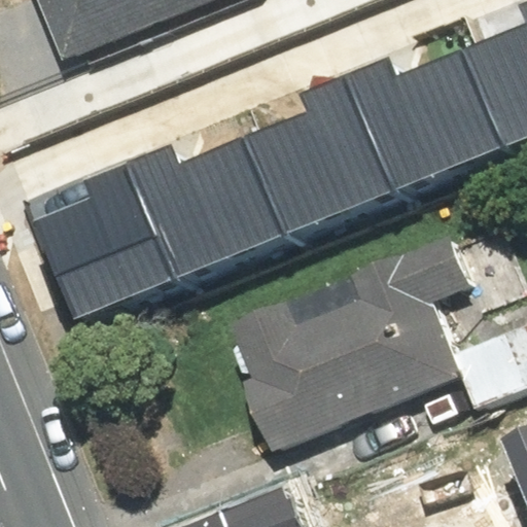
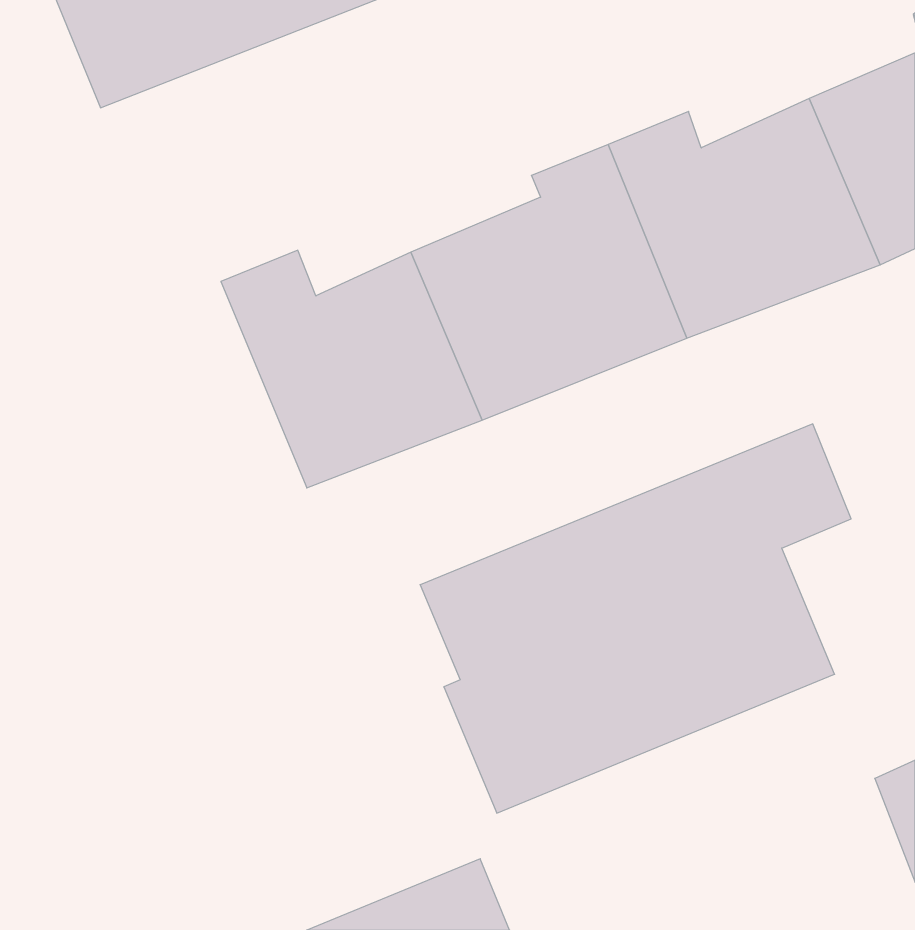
building: [38,159,173,314] -> none

